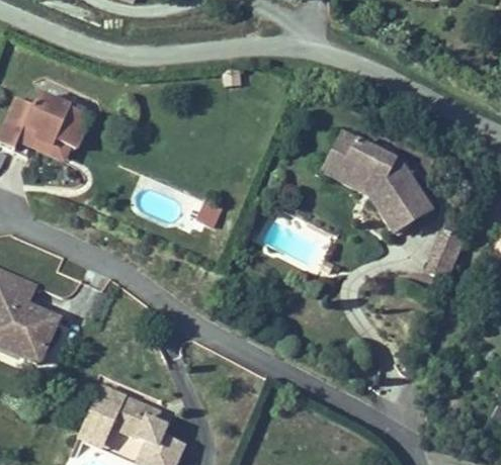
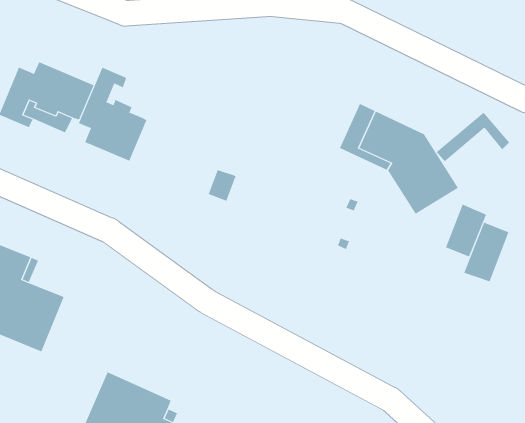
building: none -> [78,67,147,162]
building: none -> [436,112,510,162]
building: none -> [464,222,509,282]

